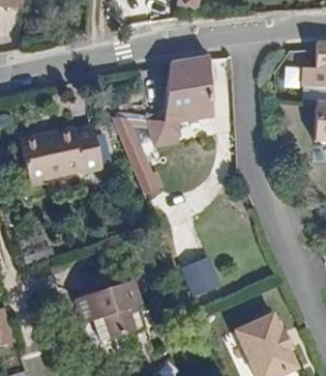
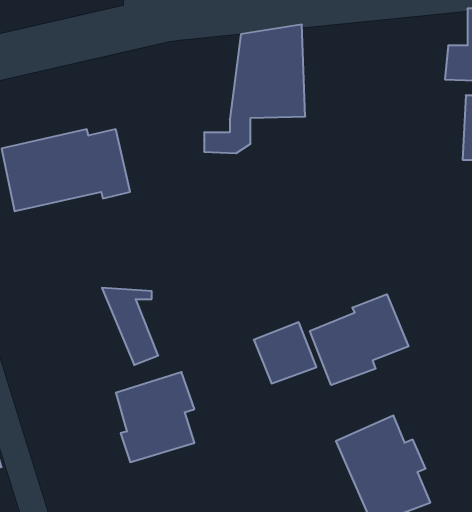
building: [114,123,150,173] -> [102,288,158,365]
building: none -> [310,294,409,385]

